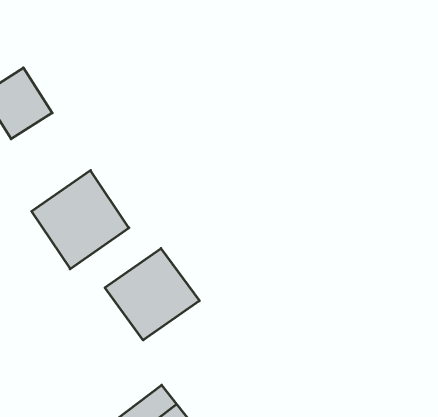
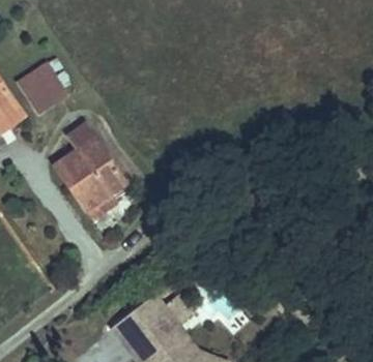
building: [105,248,199,340] -> none

